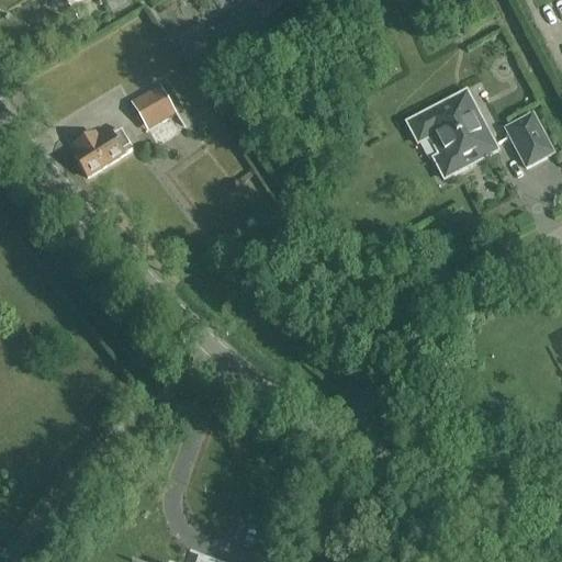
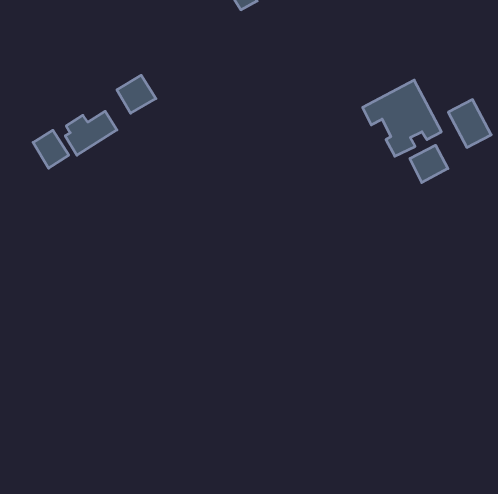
building: none -> [33,130,69,168]
building: none -> [410,145,448,183]

